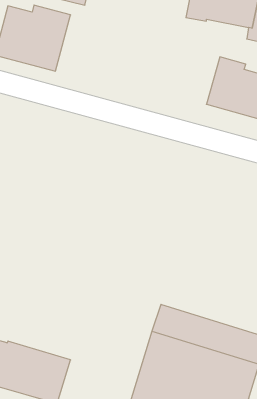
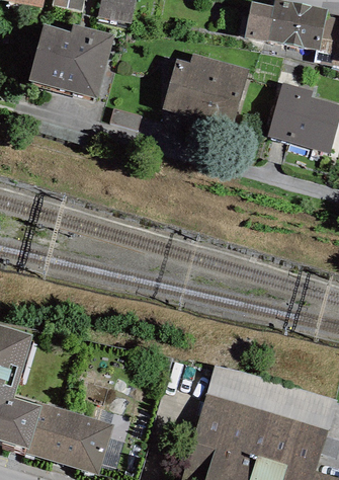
building: none -> [162,54,249,129]

